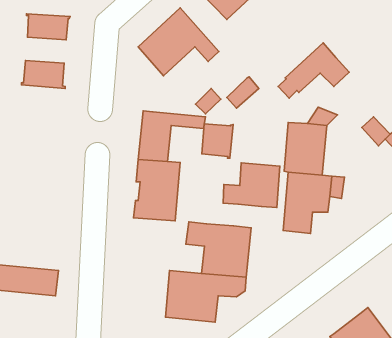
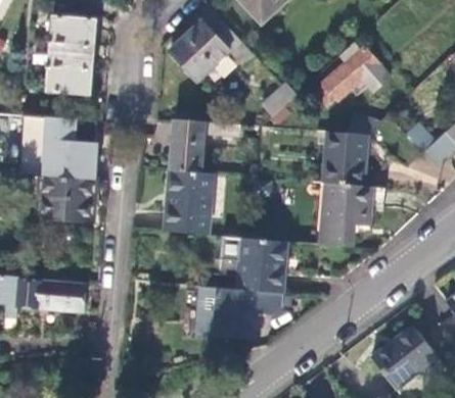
building: none -> [50,41,93,68]
building: none -> [33,128,98,164]
building: [202,124,233,158] -> none
building: [223,163,280,208] -> none
building: none -> [37,176,95,220]

